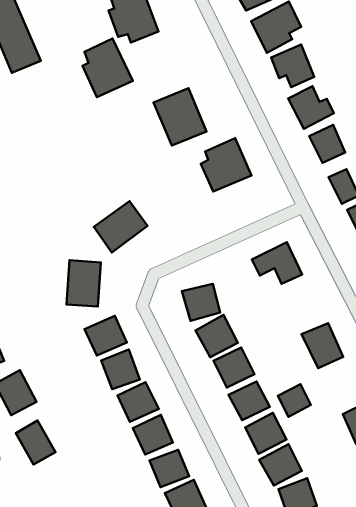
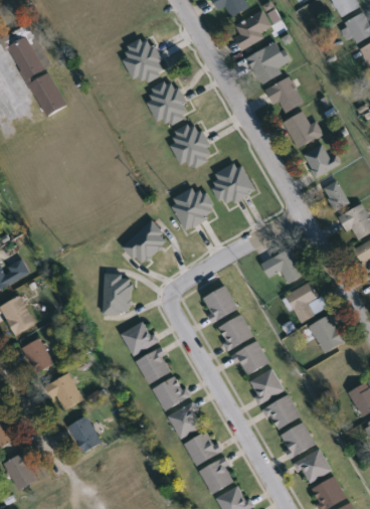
building: [83,39,133,97] -> [147,76,191,128]
building: none -> [169,186,217,229]
building: none -> [286,281,325,321]
building: [278,384,311,417] -> none

